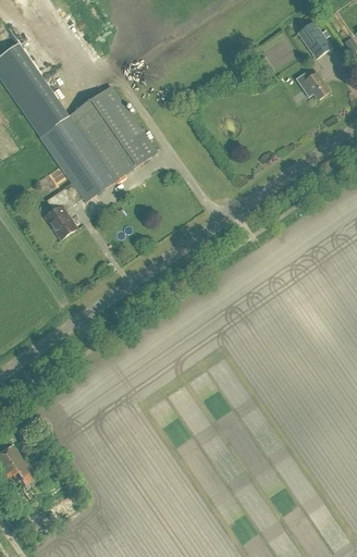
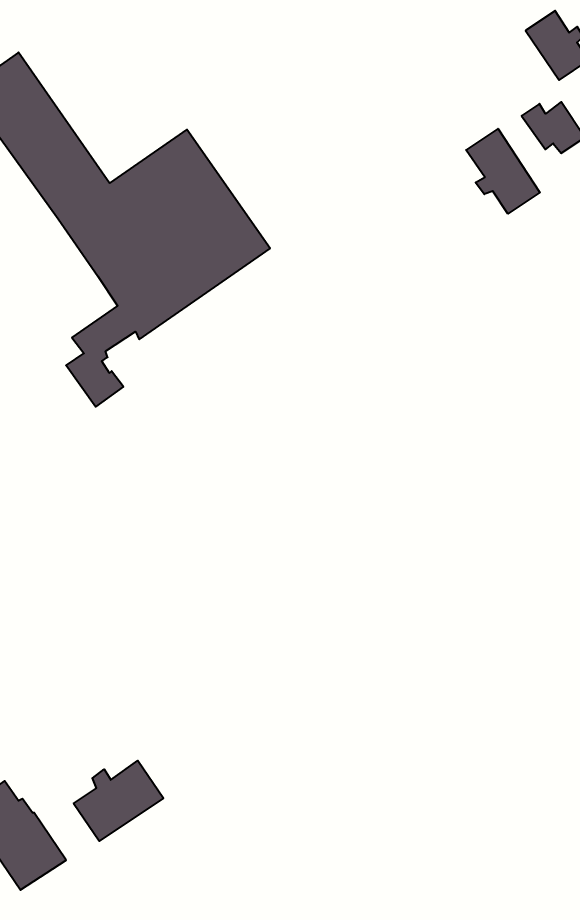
building: none -> [466,129,540,214]
building: none -> [74,761,163,841]

